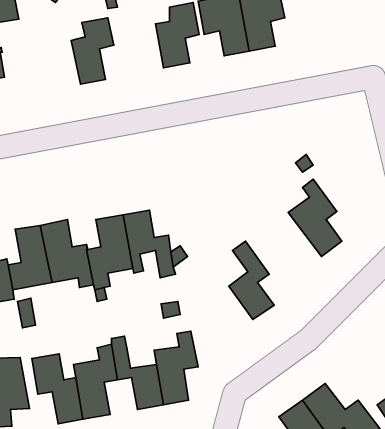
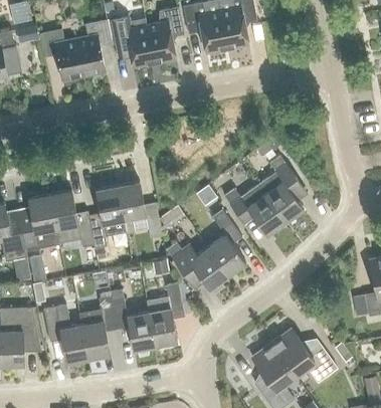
building: none -> [110,17,154,66]
building: none -> [40,29,83,80]
building: none -> [226,185,288,235]
building: none -> [167,242,229,289]

